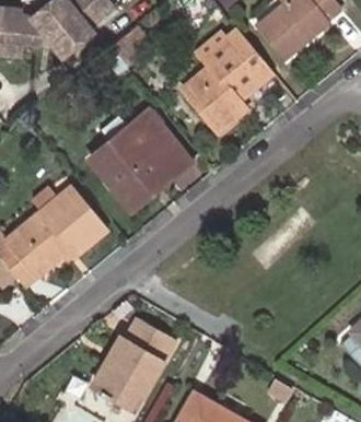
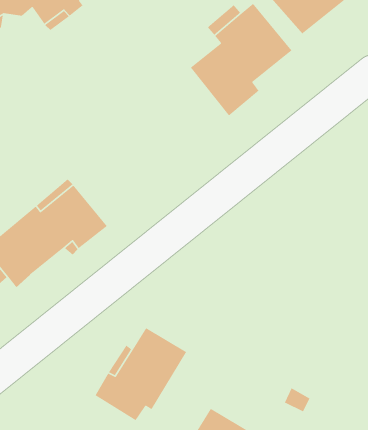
building: [92,114,190,213] -> none

